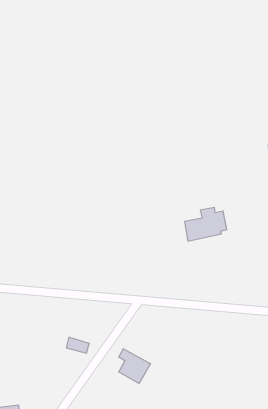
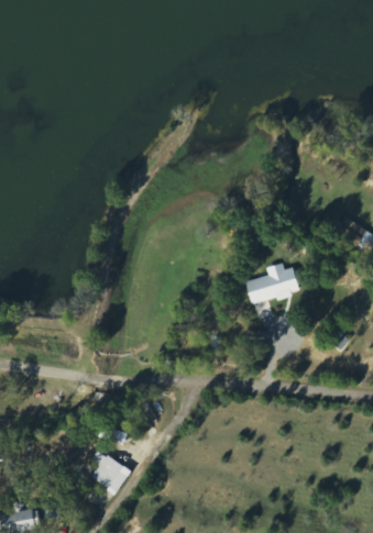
building: [119,349,151,383] -> [91,451,131,493]

